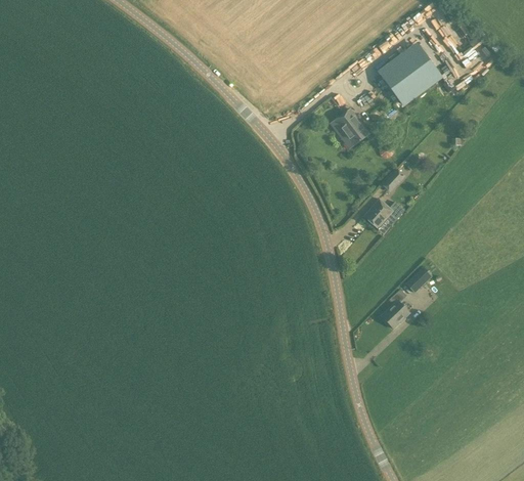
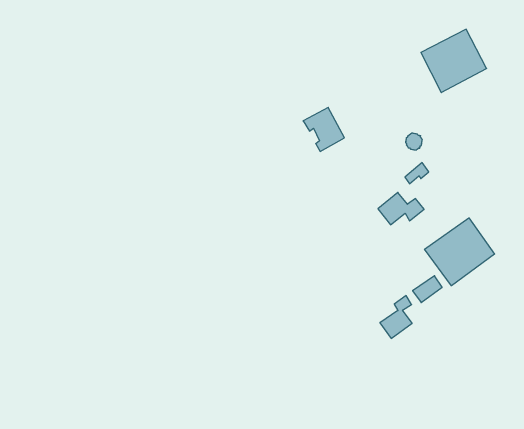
building: [330,107,368,147] -> [303,107,344,151]
building: none -> [425,218,495,286]

